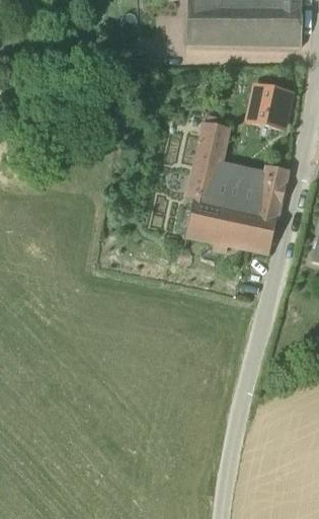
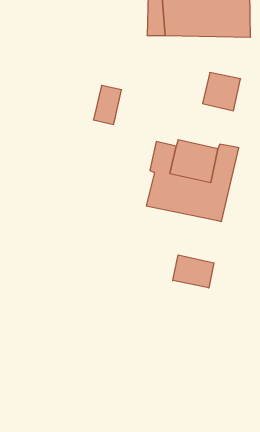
building: [196,124,228,167] -> [93,85,122,124]
building: none -> [173,255,214,288]

